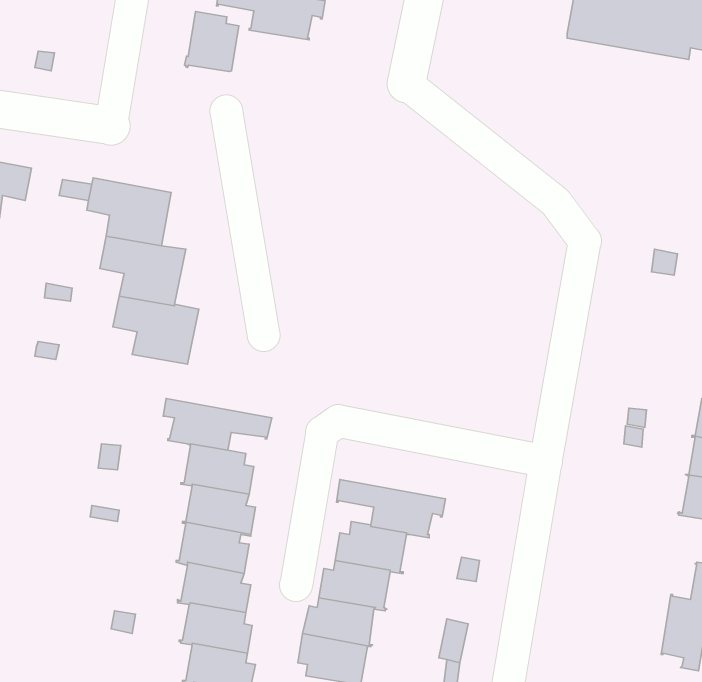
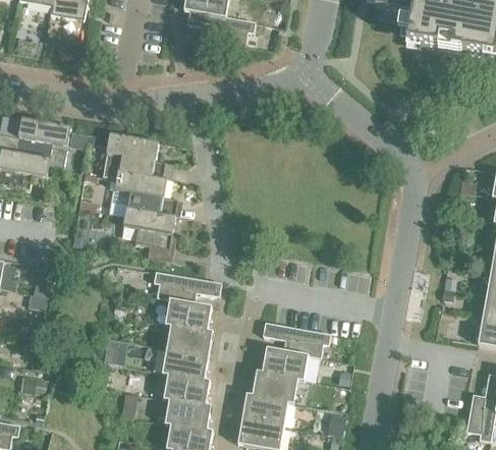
building: [185,12,239,71] -> none

